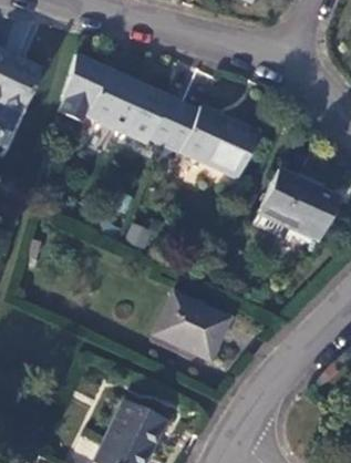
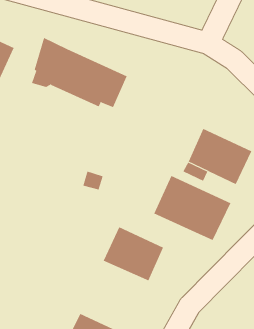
building: [166,104,259,177] -> none
building: none -> [154,175,231,241]

